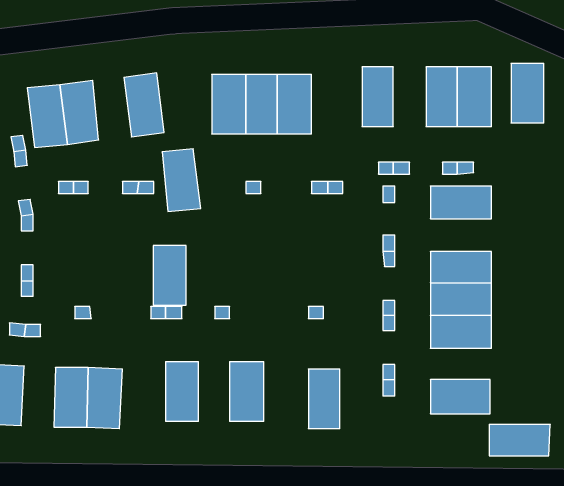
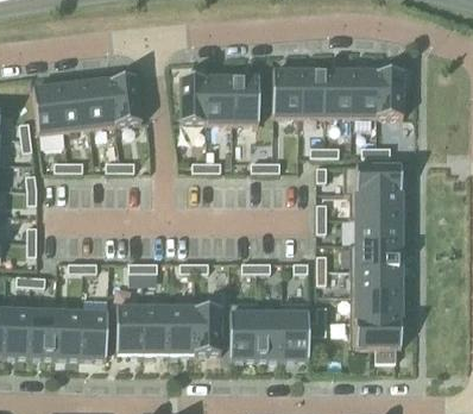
building: [511,63,544,123] -> [324,70,351,118]
building: none -> [272,70,299,118]
building: [162,149,201,211] -> [84,79,115,128]
building: none -> [354,192,403,218]
building: [153,246,186,305] -> [116,306,143,353]
building: none -> [169,306,194,353]
building: none -> [27,309,55,358]
building: none -> [229,312,257,359]
building: none -> [282,312,309,359]
building: [489,424,550,456] -> [354,295,403,320]

